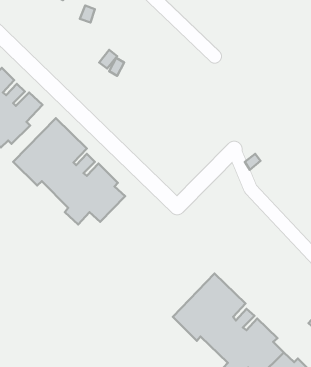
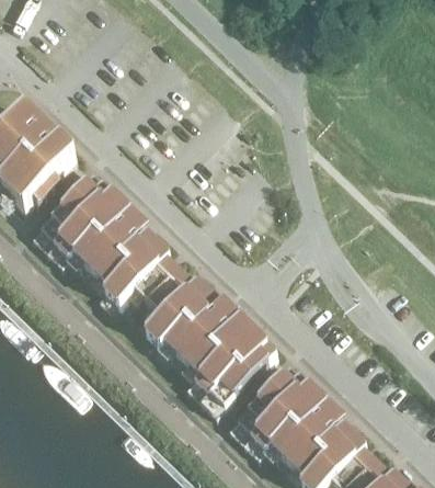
building: none -> [145,265,276,402]

